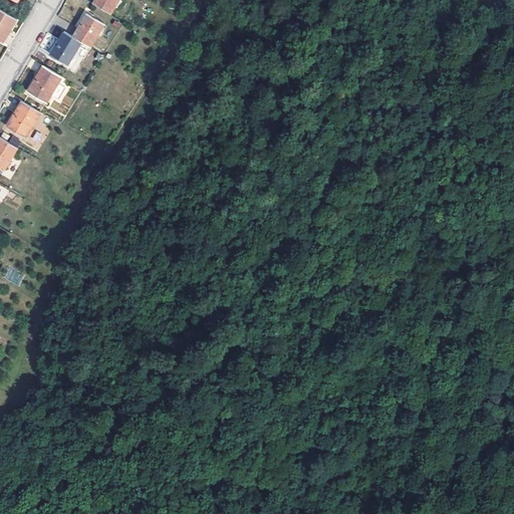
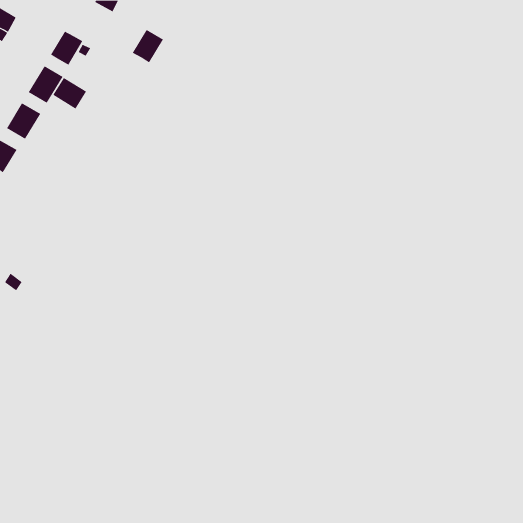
building: [72,13,103,46] -> [132,29,164,63]
building: none -> [52,77,87,109]

